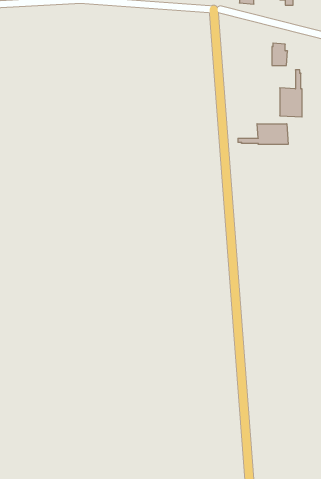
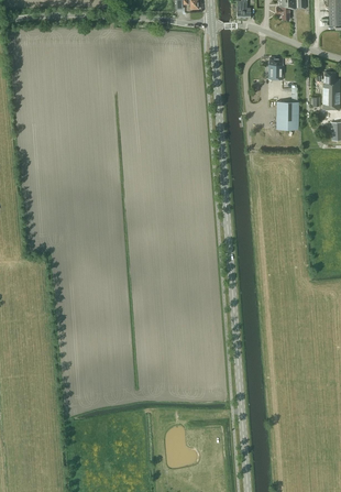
building: [238,124,288,144] -> none

